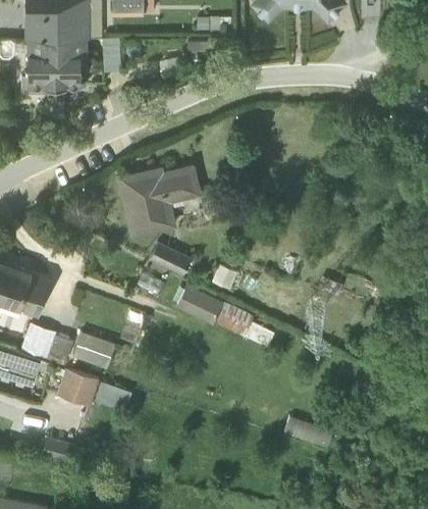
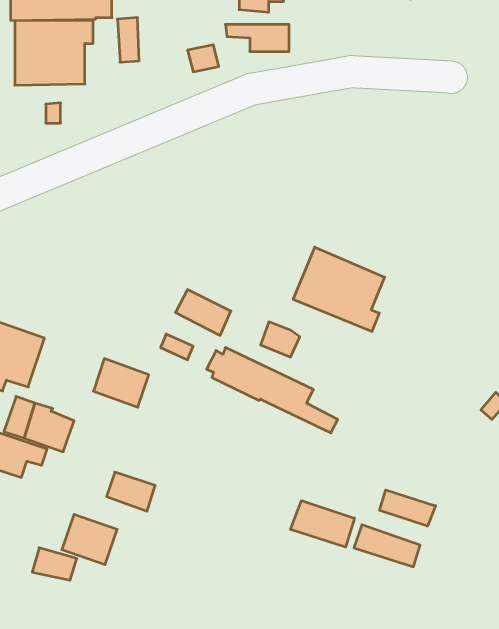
building: [119,166,198,234] -> none
building: none -> [293,247,385,332]
building: [71,332,113,368] -> [93,359,149,407]
building: [56,368,98,406] -> [62,514,117,565]
building: none -> [380,490,436,526]
building: none -> [291,501,354,547]

